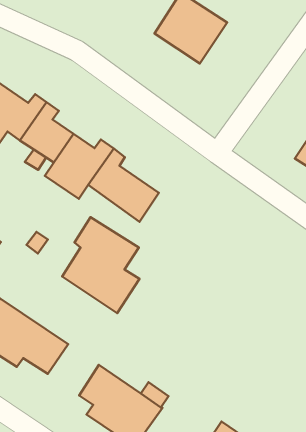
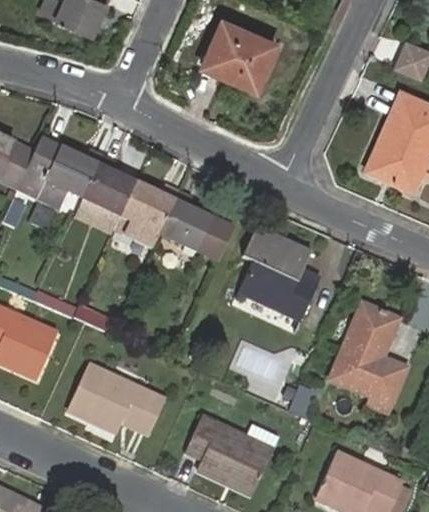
building: [62,217,139,313] -> [237,227,317,321]
building: none -> [330,302,407,412]

